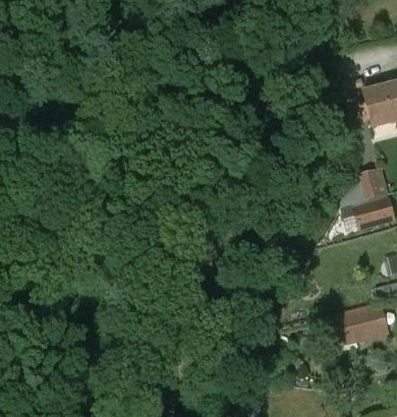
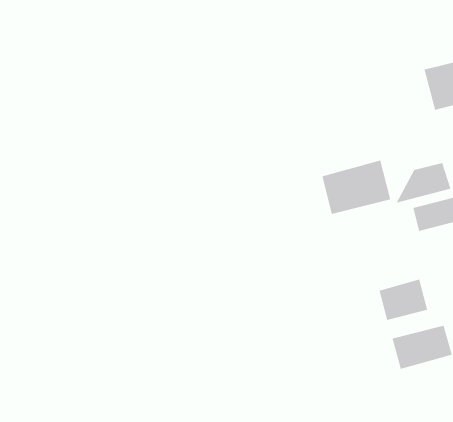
building: none -> [322,160,391,215]
building: none -> [379,278,428,321]

